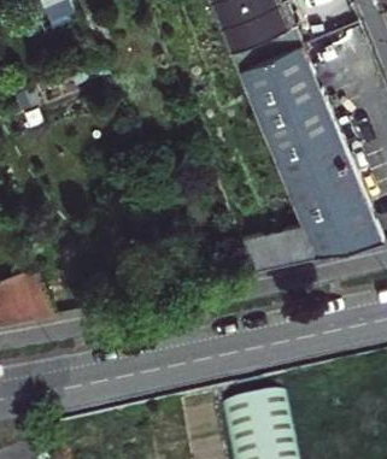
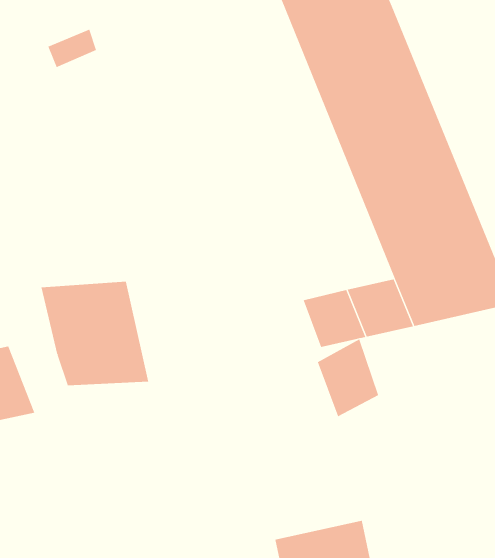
building: none -> [41,281,149,386]
building: none -> [317,339,379,417]

